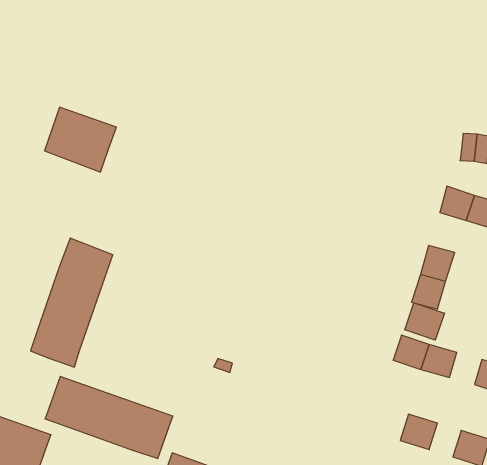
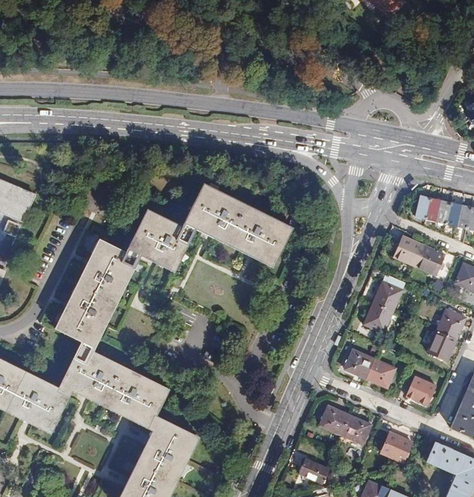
building: [45,107,116,172] -> [131,212,190,267]
building: none -> [187,187,289,262]
building: [405,303,444,340] -> none
building: none -> [321,403,351,432]

